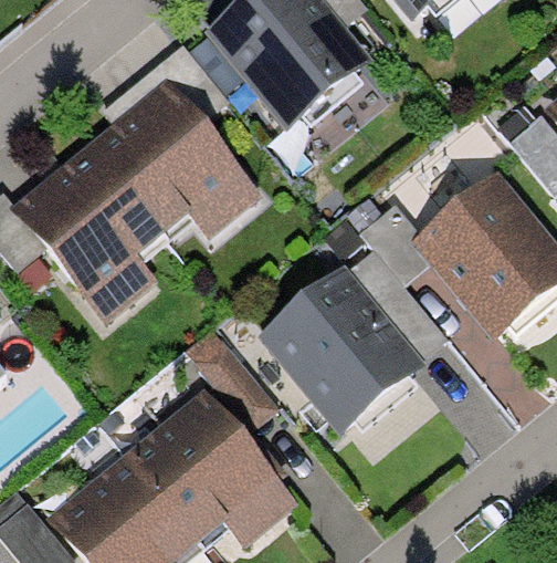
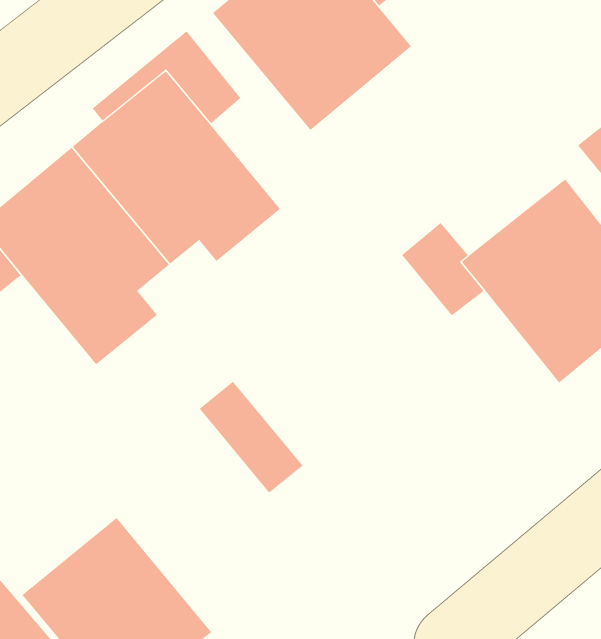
building: [258,264,425,435] -> none
building: [124,387,298,549] -> none

